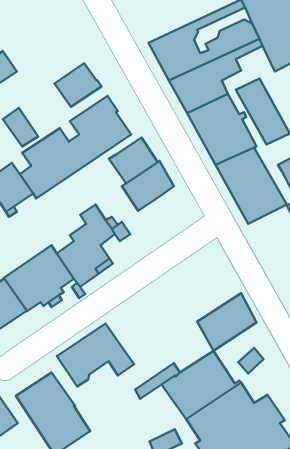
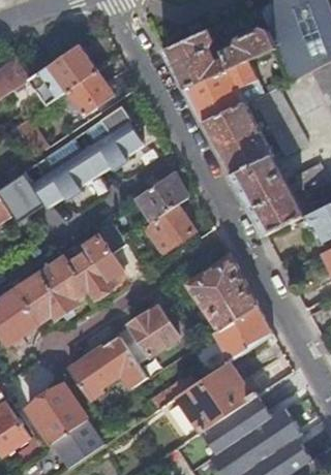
building: none -> [29,44,97,104]
building: [109,138,158,183] -> [144,203,193,250]
building: none -> [188,256,257,328]
building: none -> [117,307,178,361]

